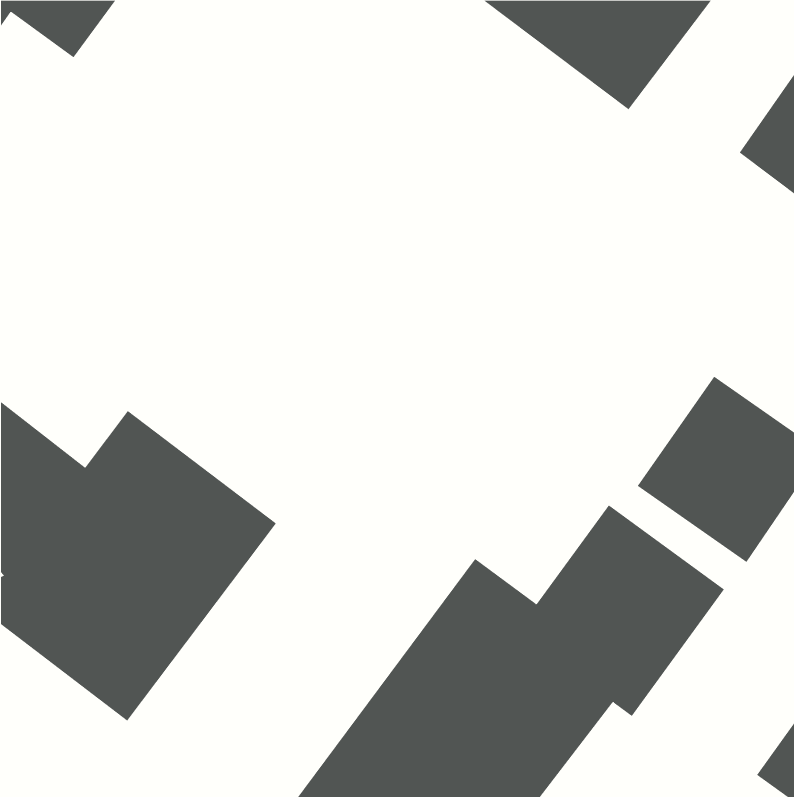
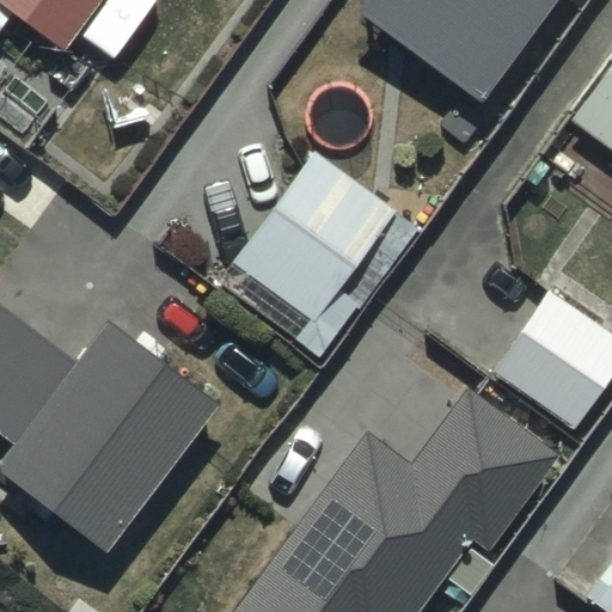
building: none -> [228,151,422,359]

